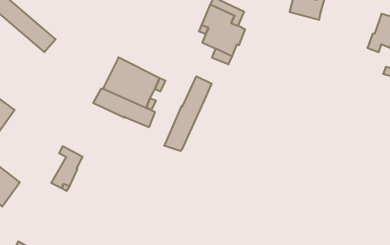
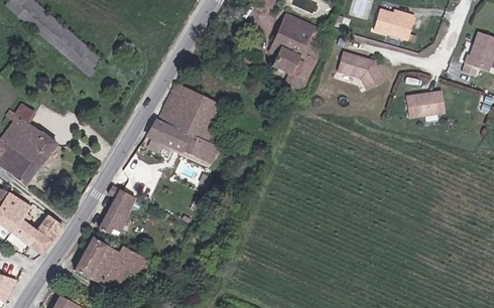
building: none -> [338,51,385,91]
building: none -> [408,91,447,118]
building: [164,76,212,151] -> none
building: none -> [74,237,149,291]

